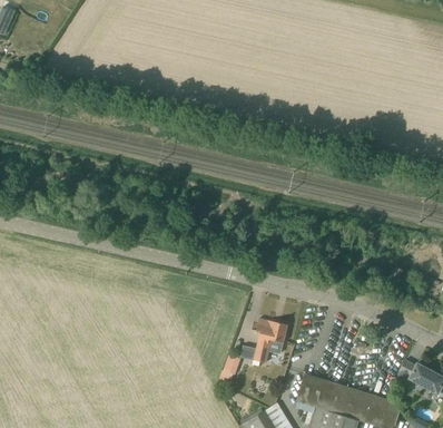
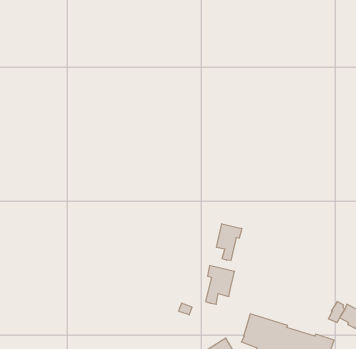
building: none -> [216,224,242,260]

